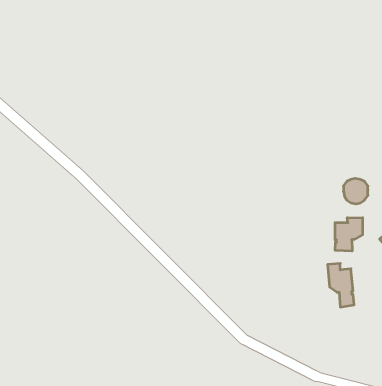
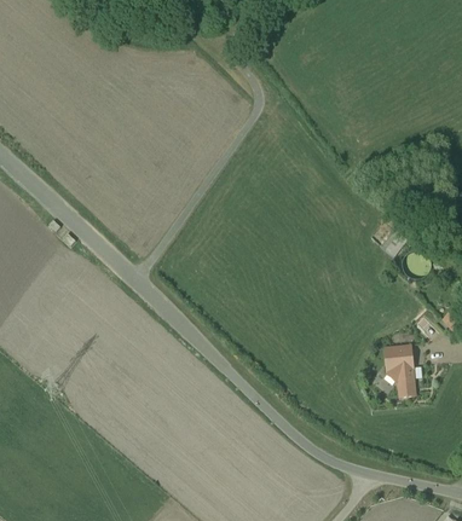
building: [335,218,363,251] -> none

